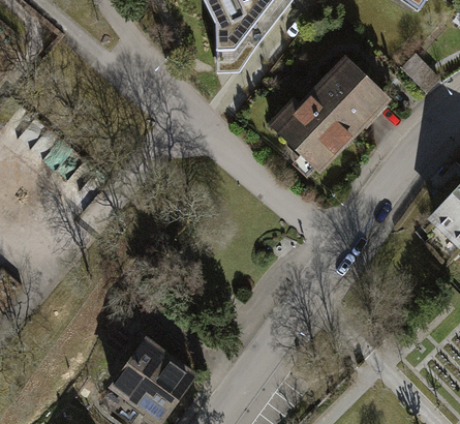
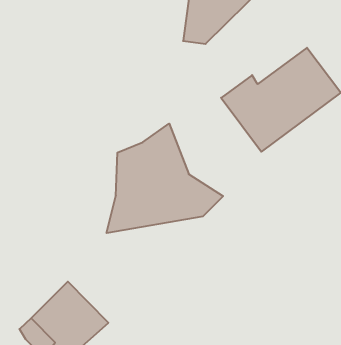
building: none -> [107,124,223,233]

